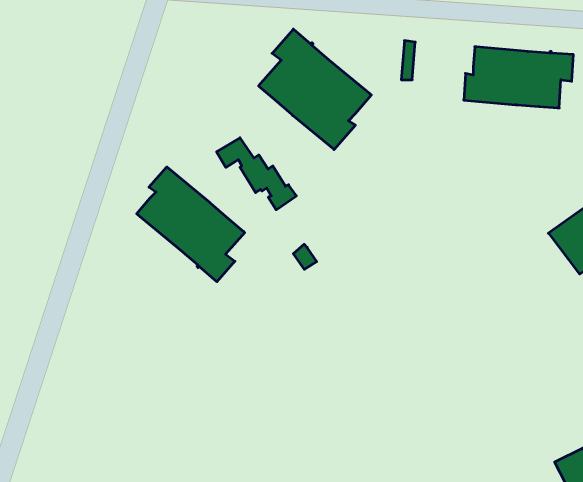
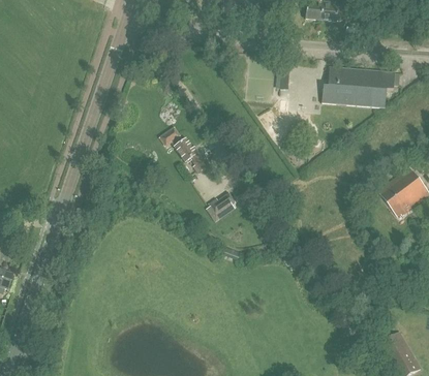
building: [259,29,371,150] -> none
building: [137,167,245,282] -> none

